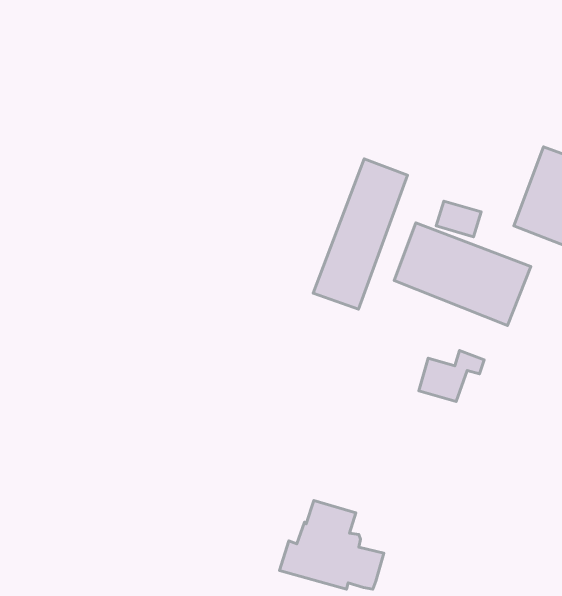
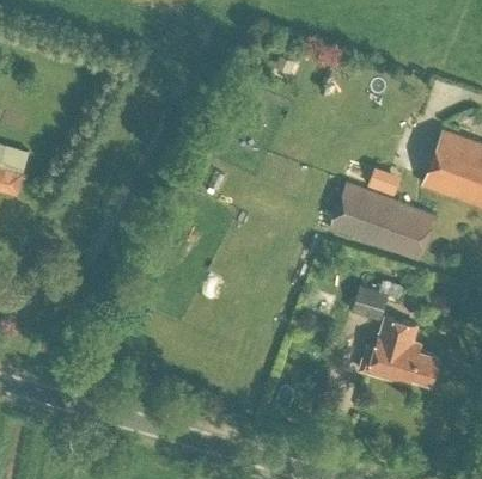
building: [313,159,407,309] -> none
building: [280,500,384,589] -> [358,315,438,383]

